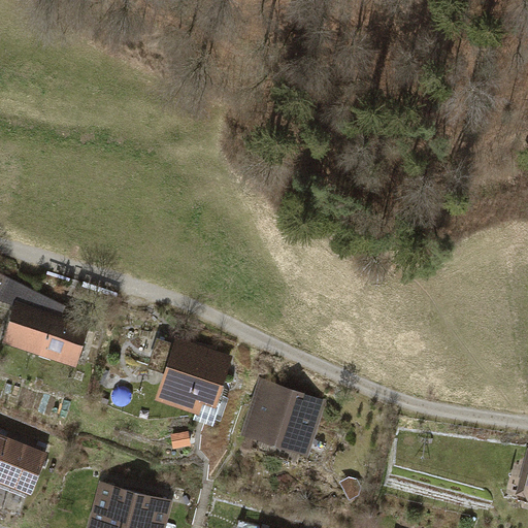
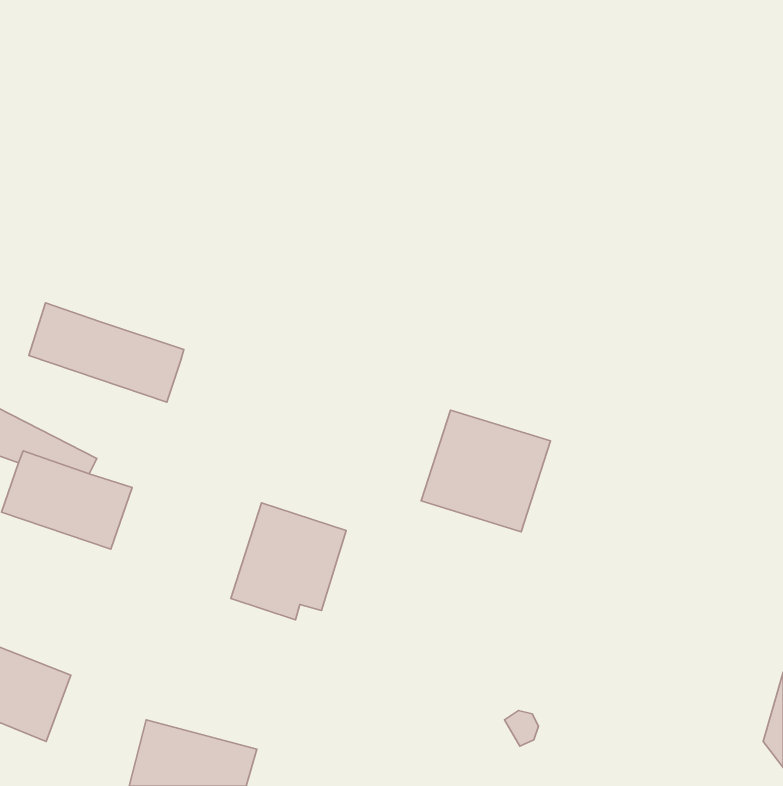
building: none -> [29,303,184,402]
building: [238,377,325,459] -> [421,410,550,532]

